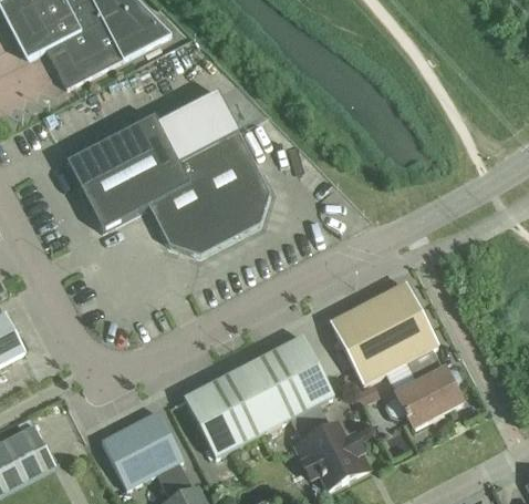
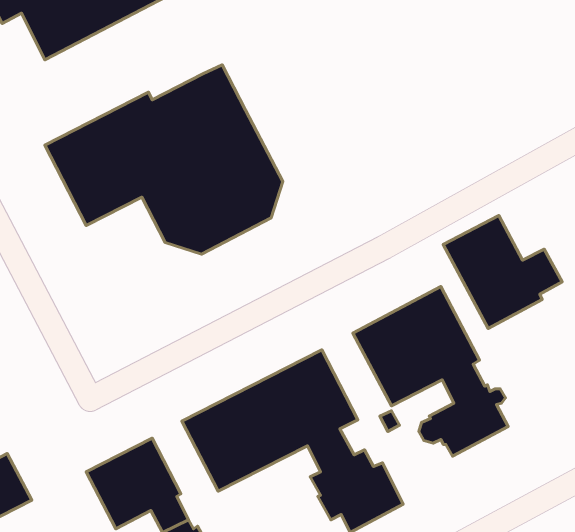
building: none -> [443,216,562,328]

